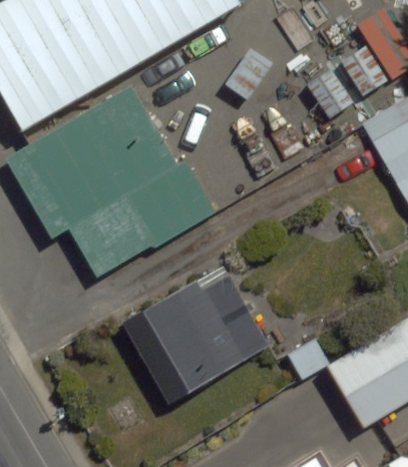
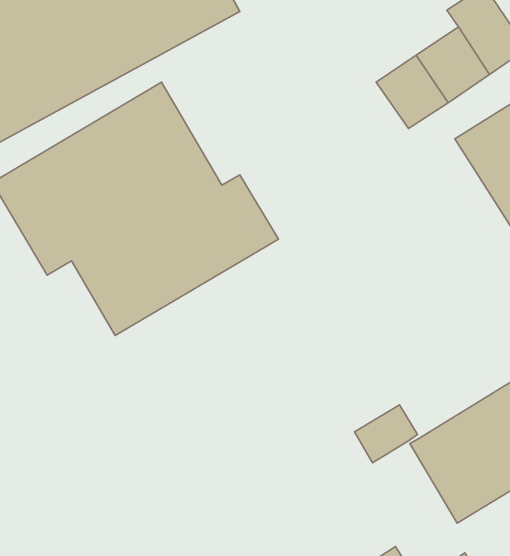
building: [117,256,284,407] -> none

